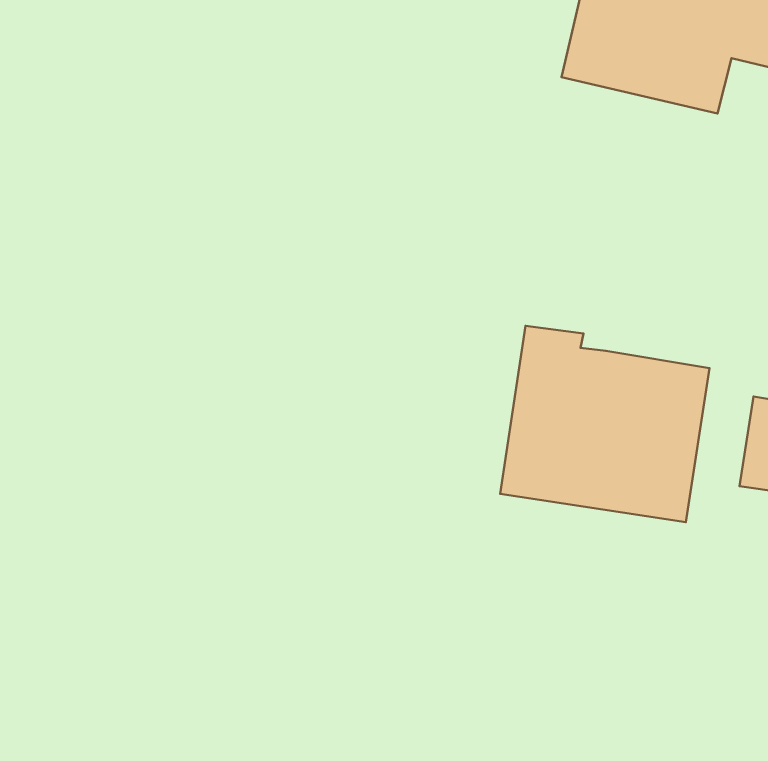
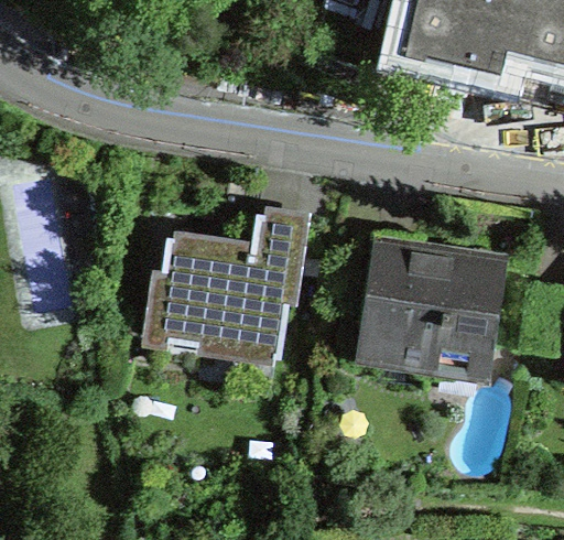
building: none -> [154,214,297,352]

